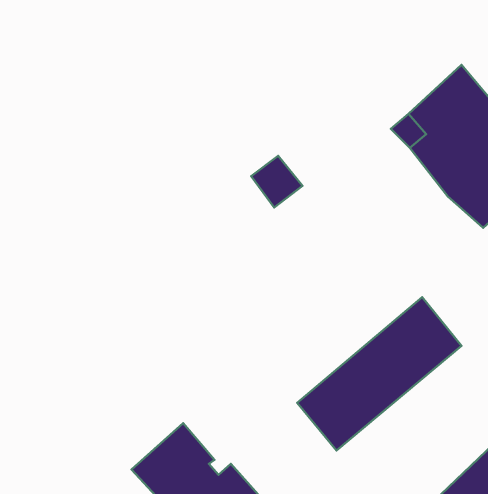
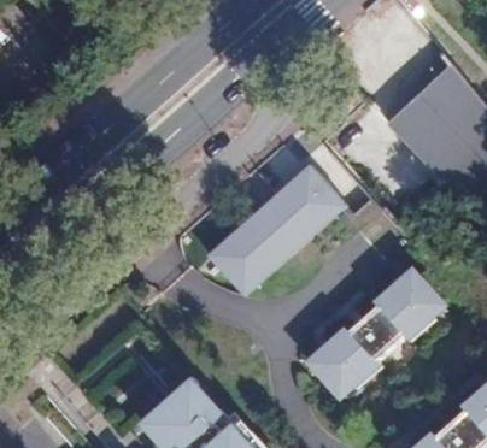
building: none -> [207,169,346,294]

